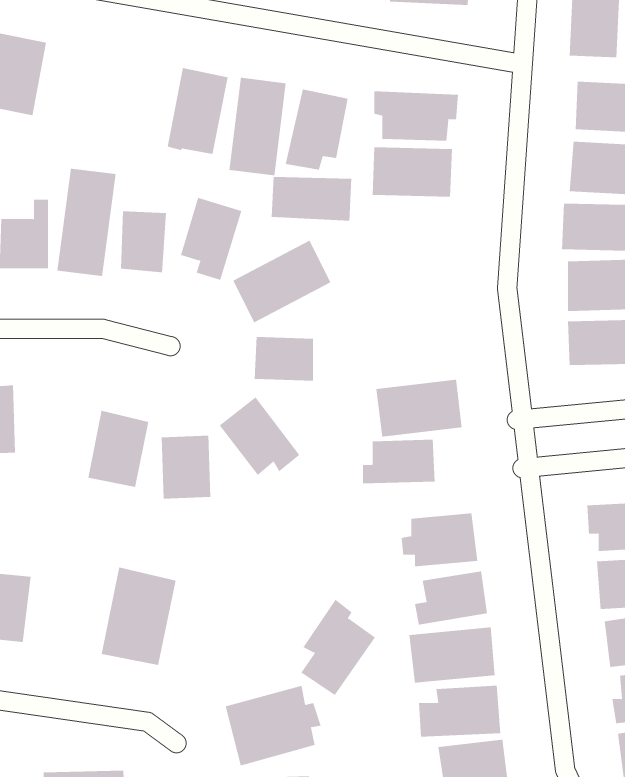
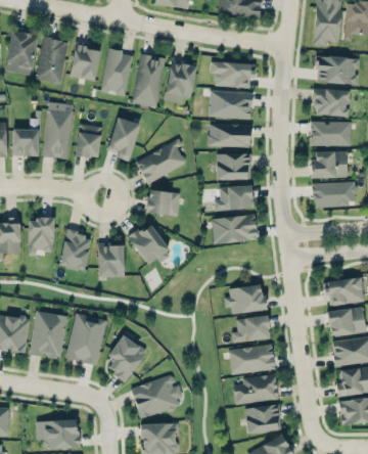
building: none -> [36,37,68,83]
building: none -> [70,42,101,81]
building: [271,177,352,221] -> [209,124,251,147]
building: none -> [217,153,251,180]
building: none -> [29,218,54,255]
building: [362,439,436,484] -> [215,186,254,210]
building: none -> [31,311,66,359]
building: [300,599,376,696] -> [107,330,147,381]

